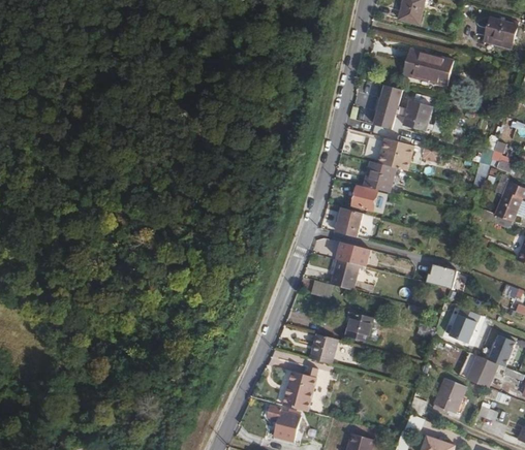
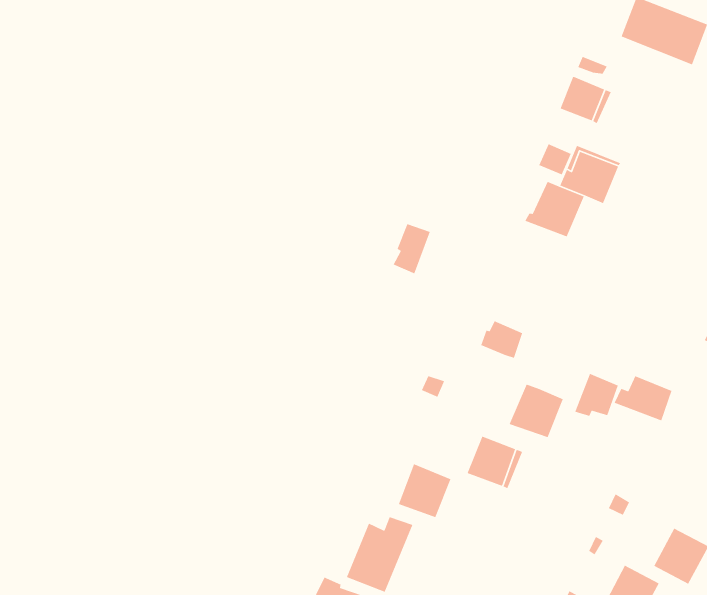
building: [404,101,433,131] -> none
building: [351,186,388,212] -> none
building: [335,206,354,235] -> [393,223,431,275]
building: [329,258,359,288] -> [508,383,564,438]
building: none -> [574,373,619,417]
building: [449,313,476,342] -> none

